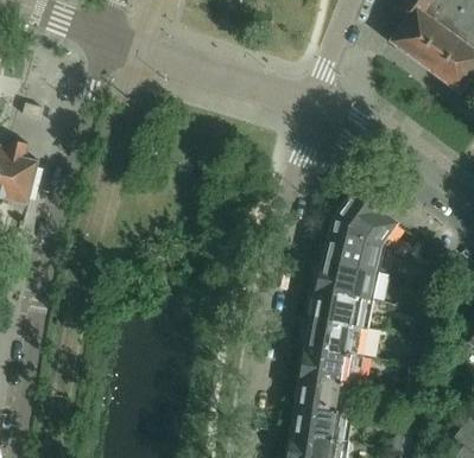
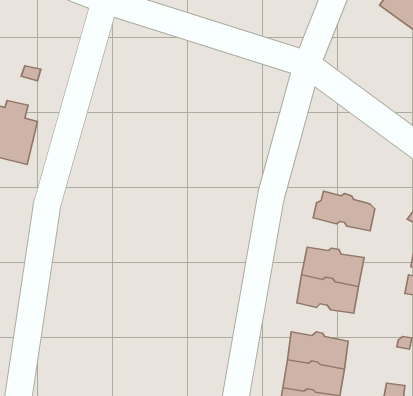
building: [331,193,396,250] -> none
building: [315,260,379,300] -> none
building: [298,346,362,386] -> none

